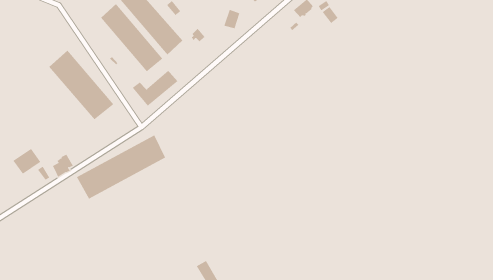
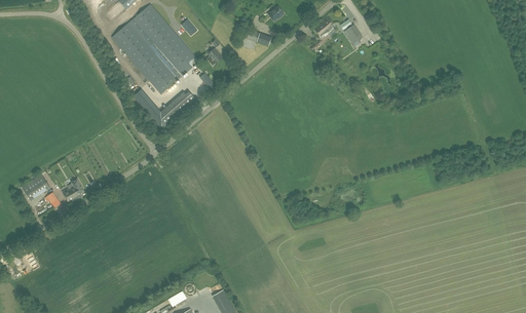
building: [49,50,114,120] -> none
building: [76,135,166,200] -> none

